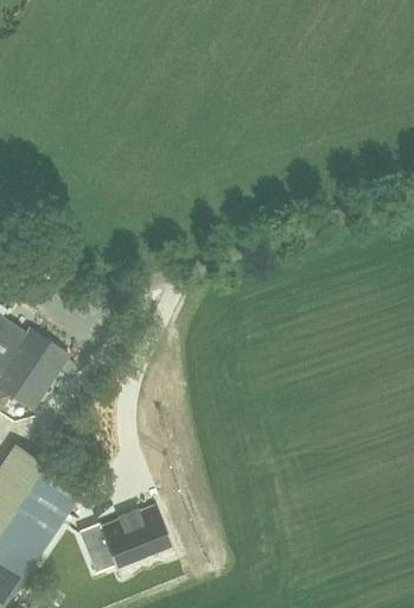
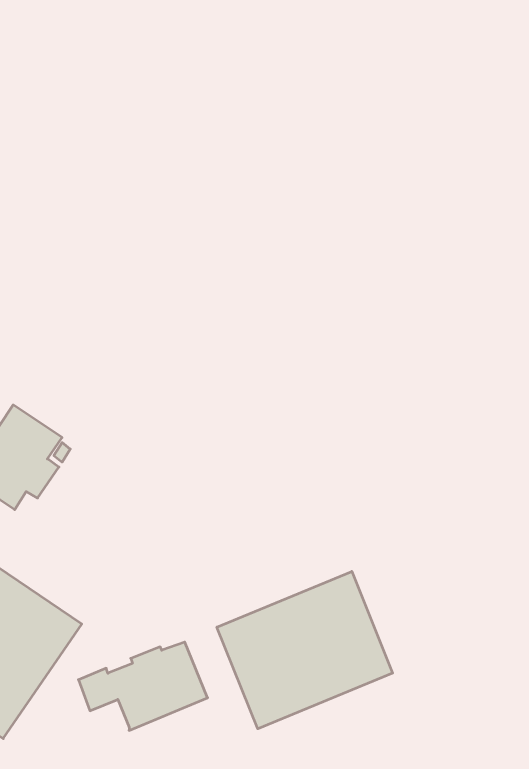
building: none -> [217,571,393,729]

